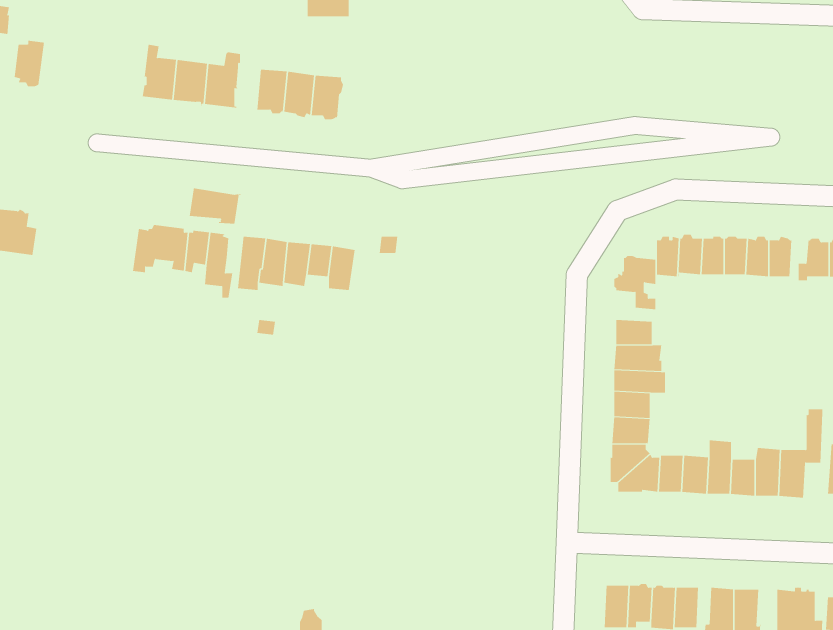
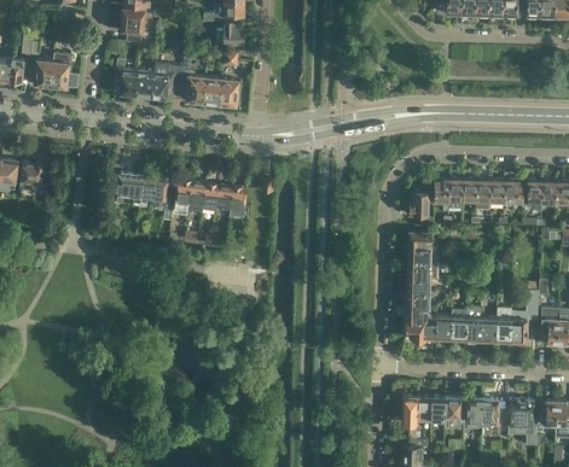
building: none -> [50,51,71,88]
building: [189,188,241,225] -> none

